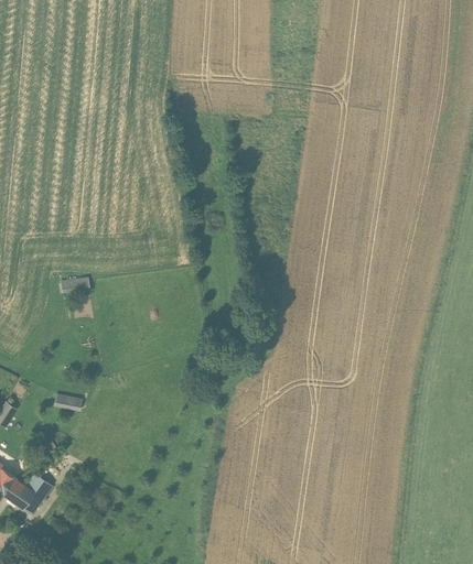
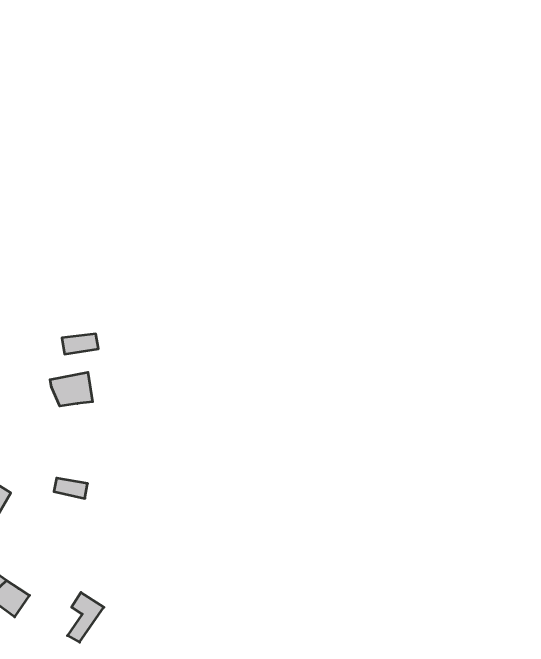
building: none -> [50,372,93,406]
building: [21,473,51,513] -> [67,592,104,642]

